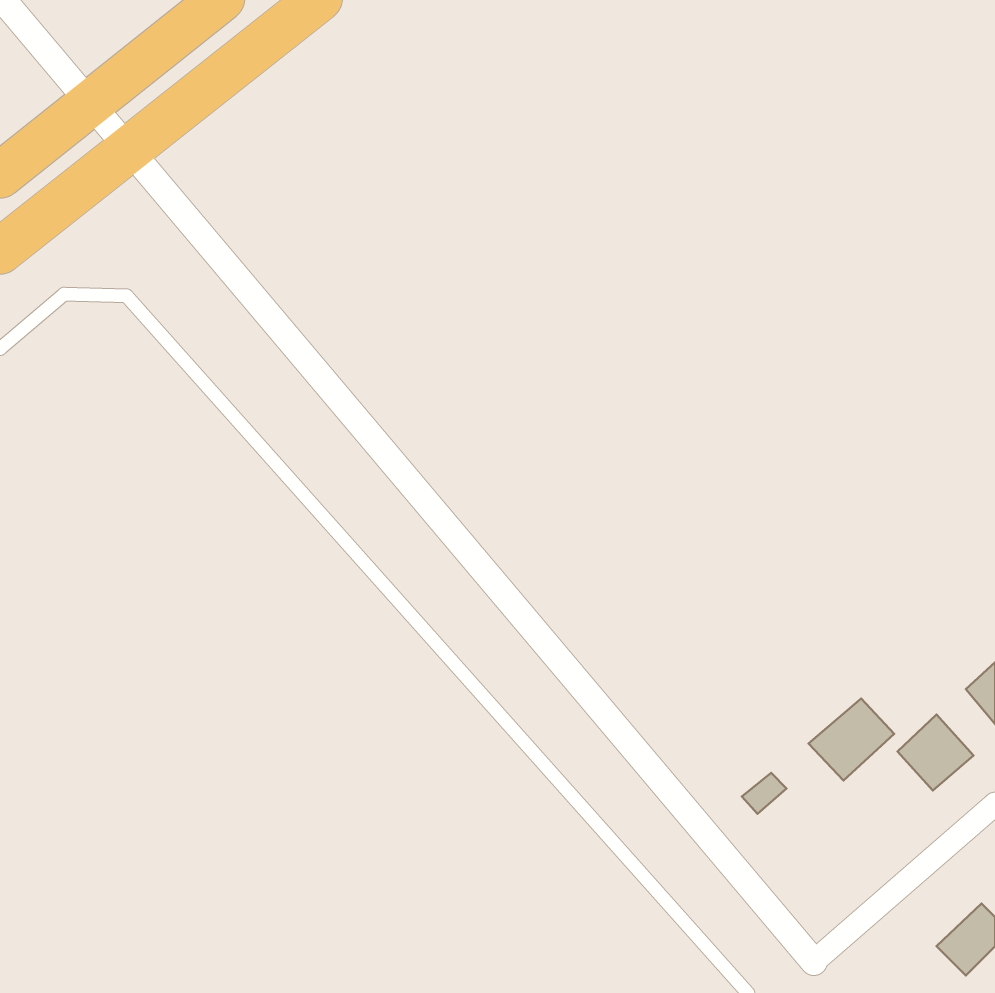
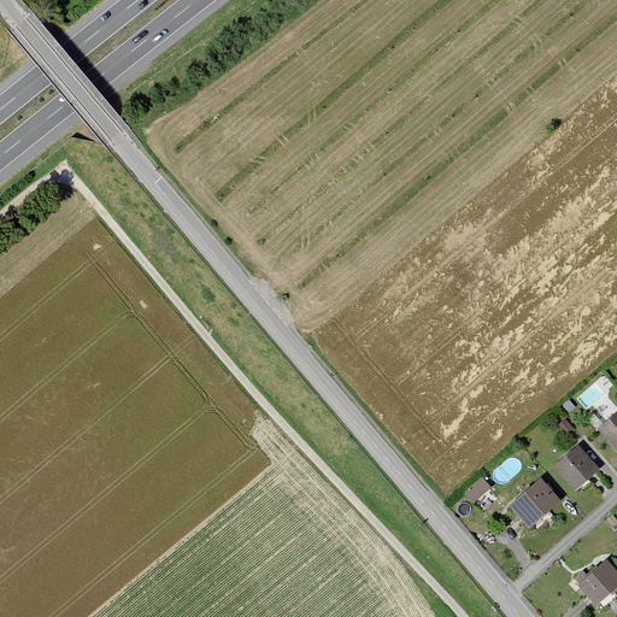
building: [809,699,894,780] -> [509,478,562,529]

